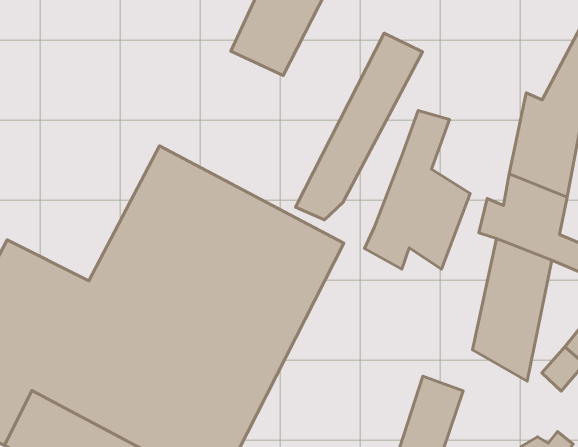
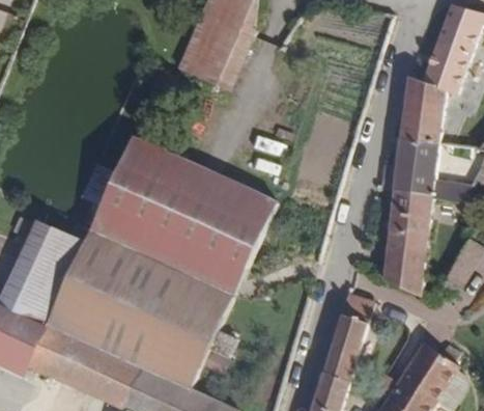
building: [296,33,423,220] -> none
building: [364,110,470,269] -> none

